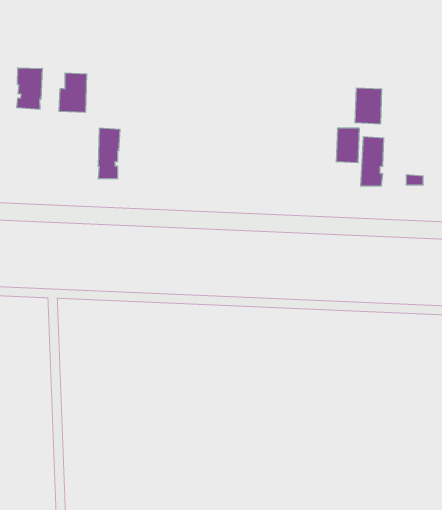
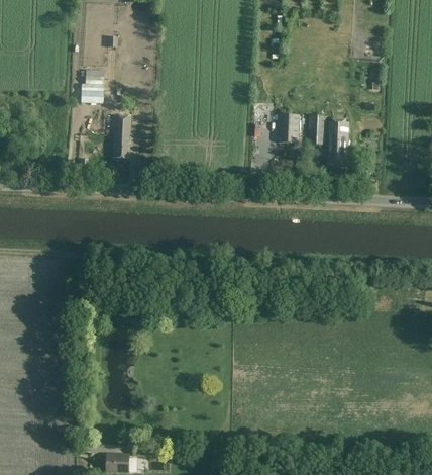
building: [17,68,42,109] -> none
building: [355,88,382,124] -> [277,112,299,141]

